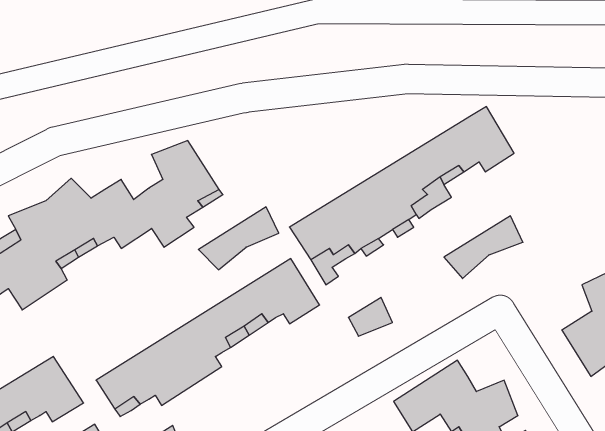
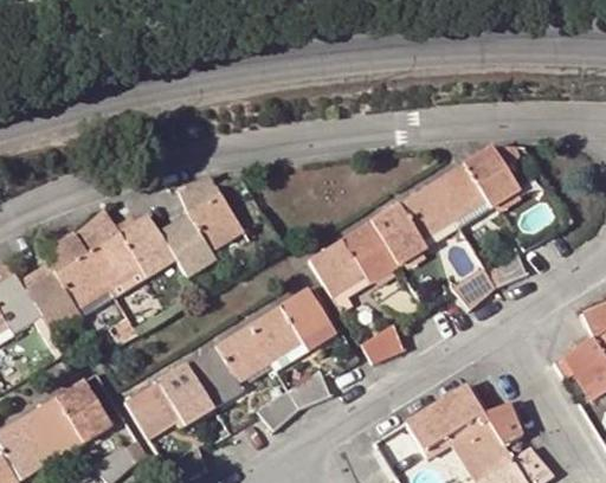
building: [198,207,279,270] -> [254,371,330,430]

